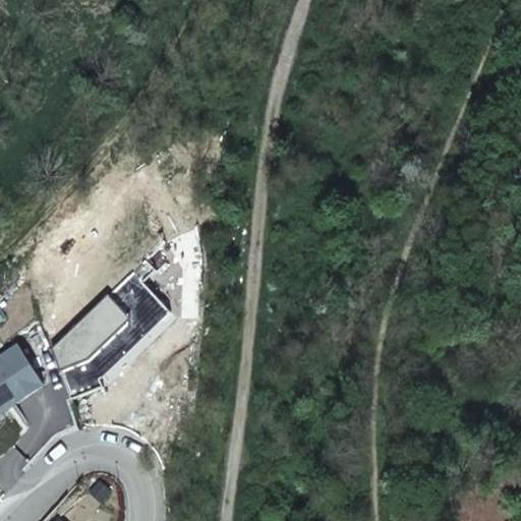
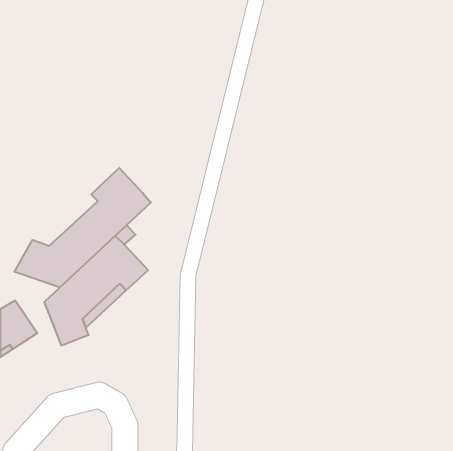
building: none -> [14,168,151,288]

